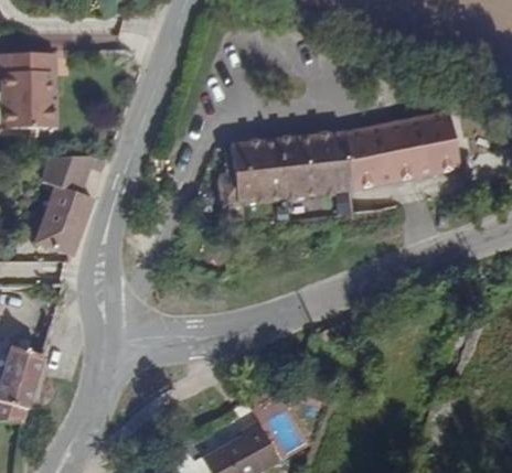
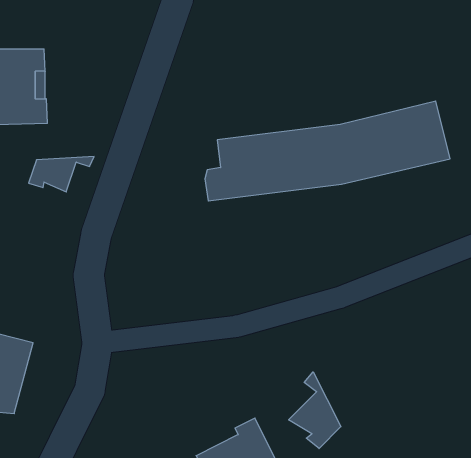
building: [34,187,89,260] -> none
building: none -> [289,372,341,449]

